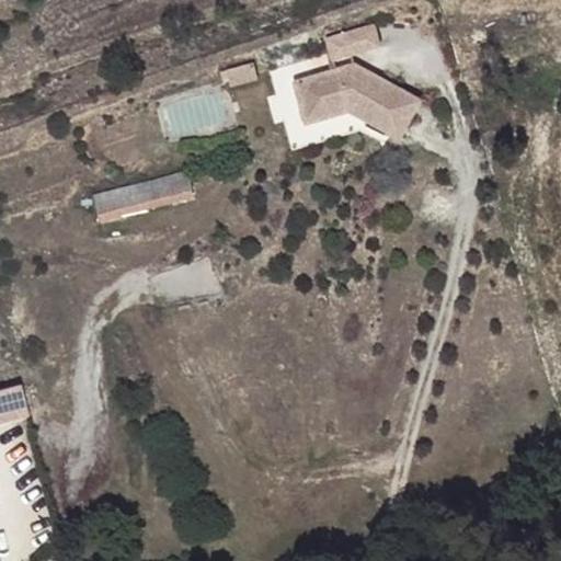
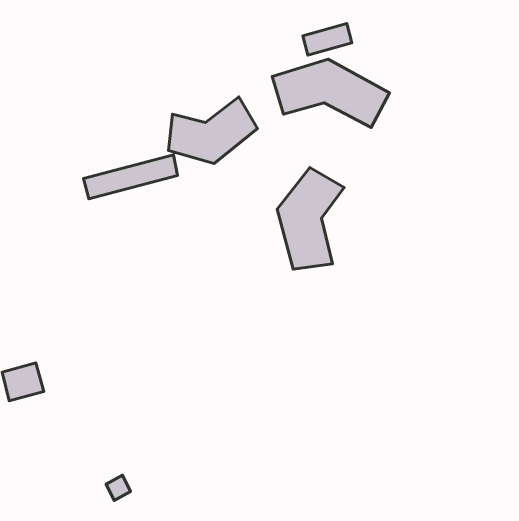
building: none -> [169,97,258,164]
building: none -> [277,168,344,269]

